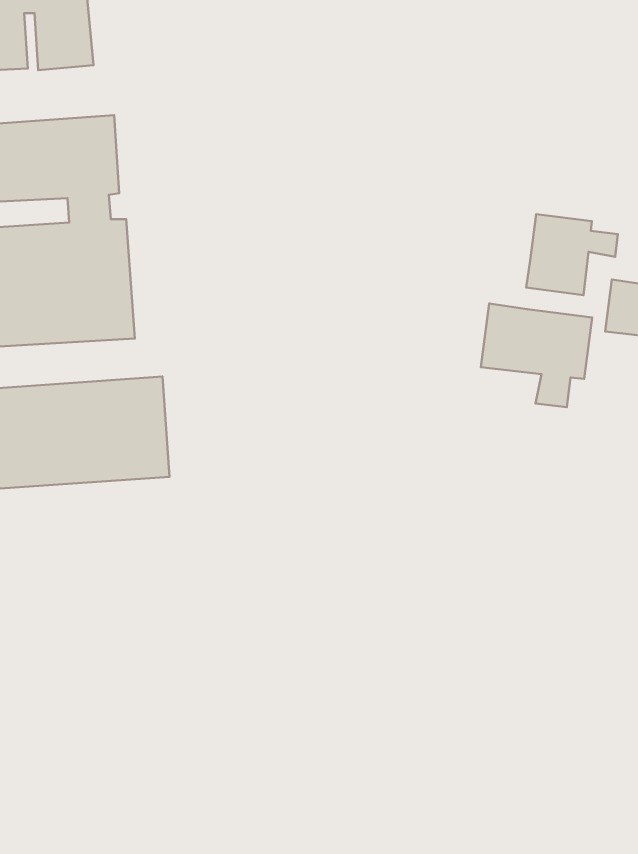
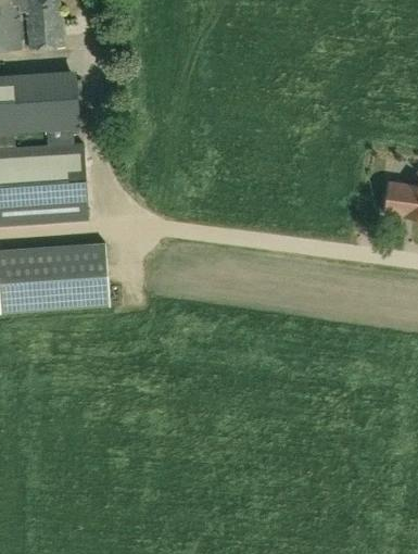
building: [526,214,618,295] -> none
building: [481,304,592,407] -> none

